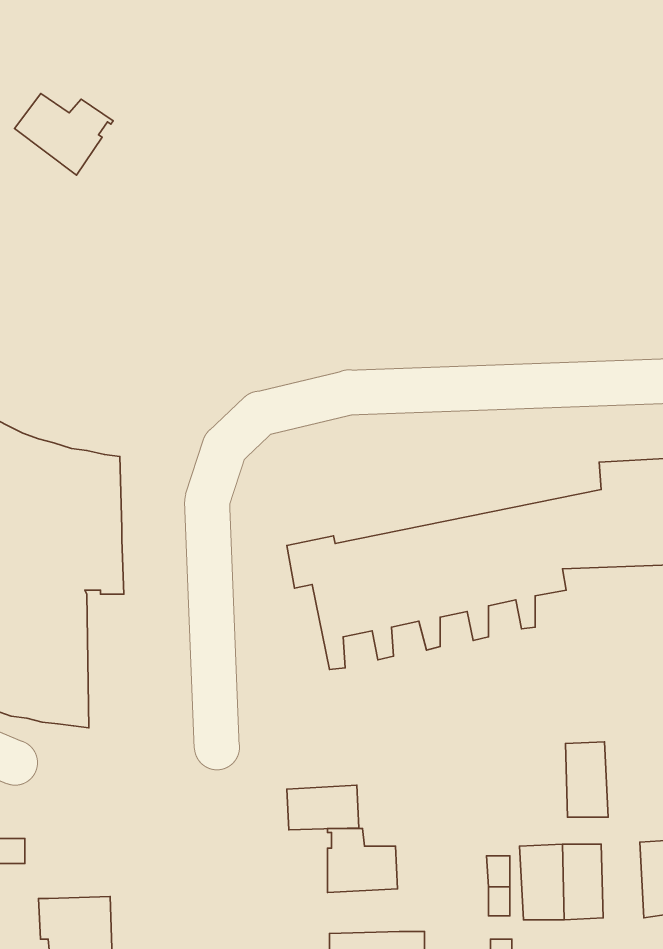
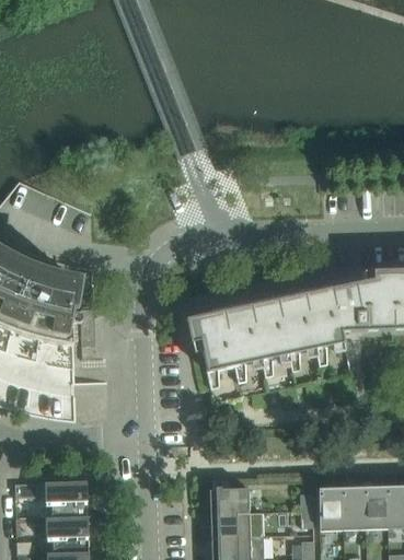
building: [15,94,113,175] -> none
building: [566,742,608,817] -> [363,485,388,527]
building: [287,785,359,830] -> [209,511,250,536]
building: none -> [45,479,86,516]

